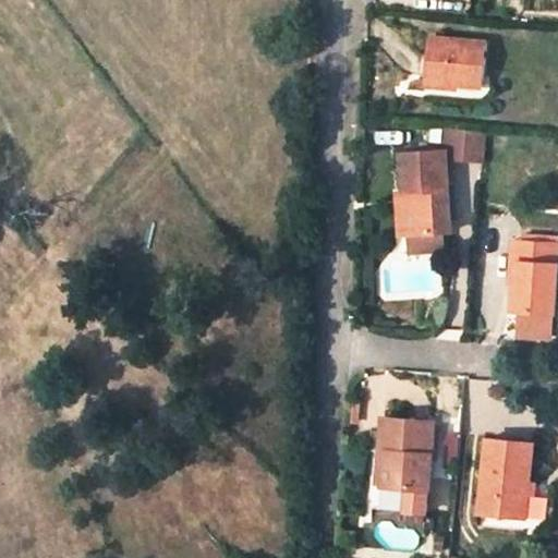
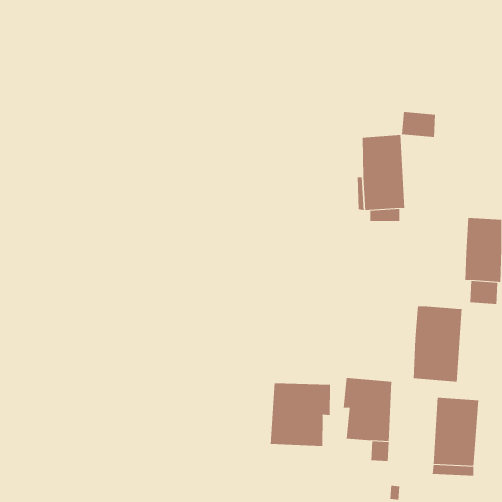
building: [422,36,482,84] -> none
building: none -> [413,305,462,383]
building: none -> [270,383,330,447]

